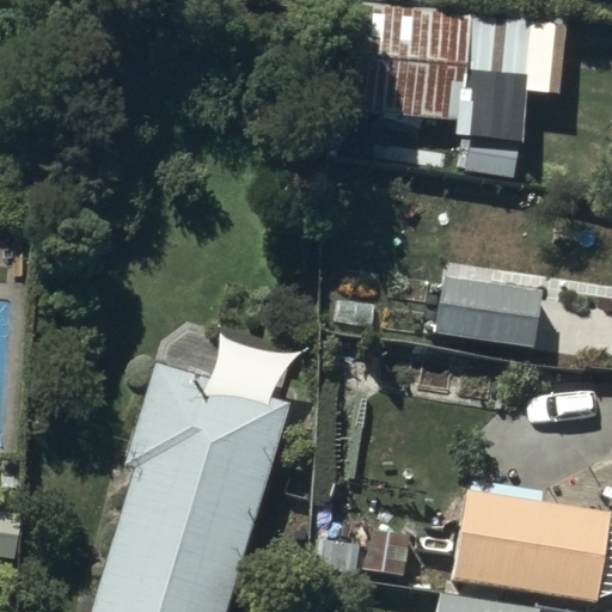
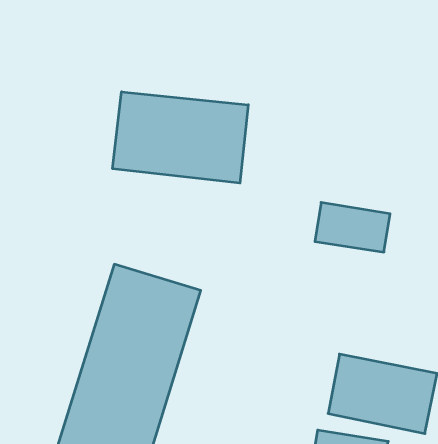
building: [356,13,575,129] -> none
building: none -> [113,92,248,183]

